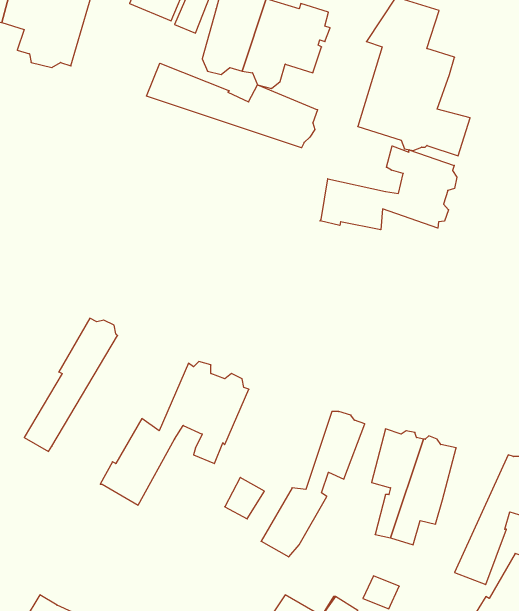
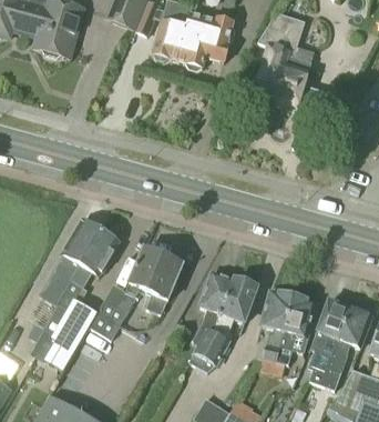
building: [147,63,318,148] -> none
building: [320,146,457,230] -> none
building: none -> [32,230,120,370]
building: none -> [188,272,236,362]
building: none -> [308,299,349,382]

